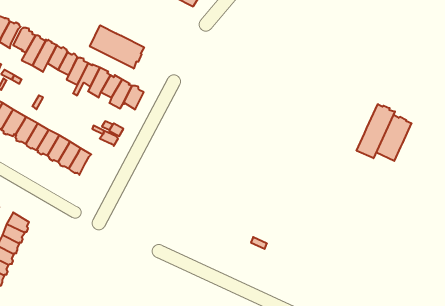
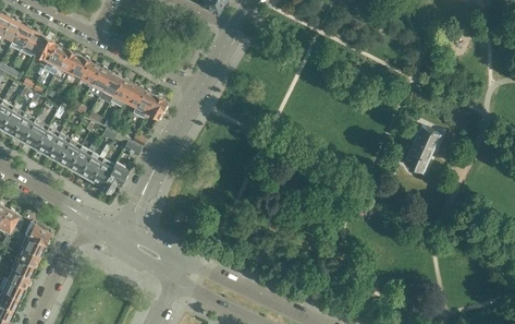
building: [90,25,144,69] -> none
building: [357,104,395,158] -> none
building: none -> [101,161,128,192]

